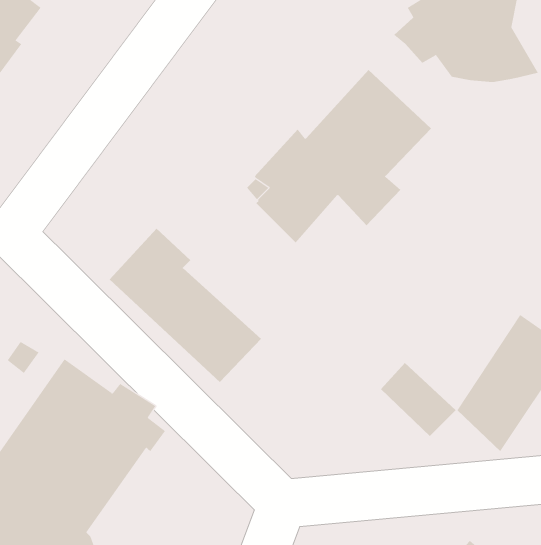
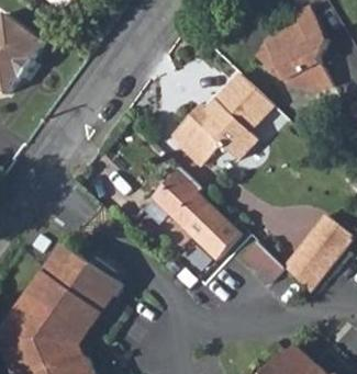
building: [109,228,262,383] -> [154,171,242,260]

